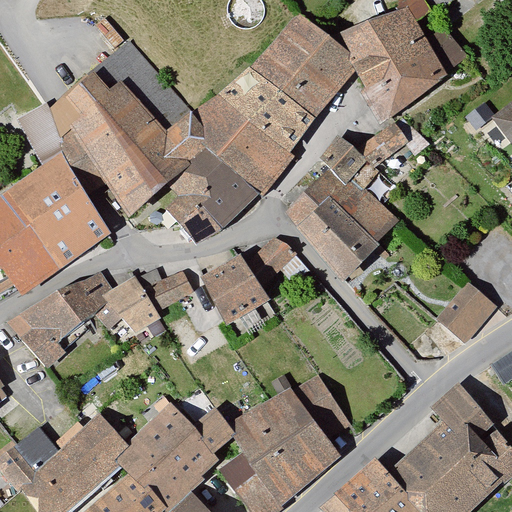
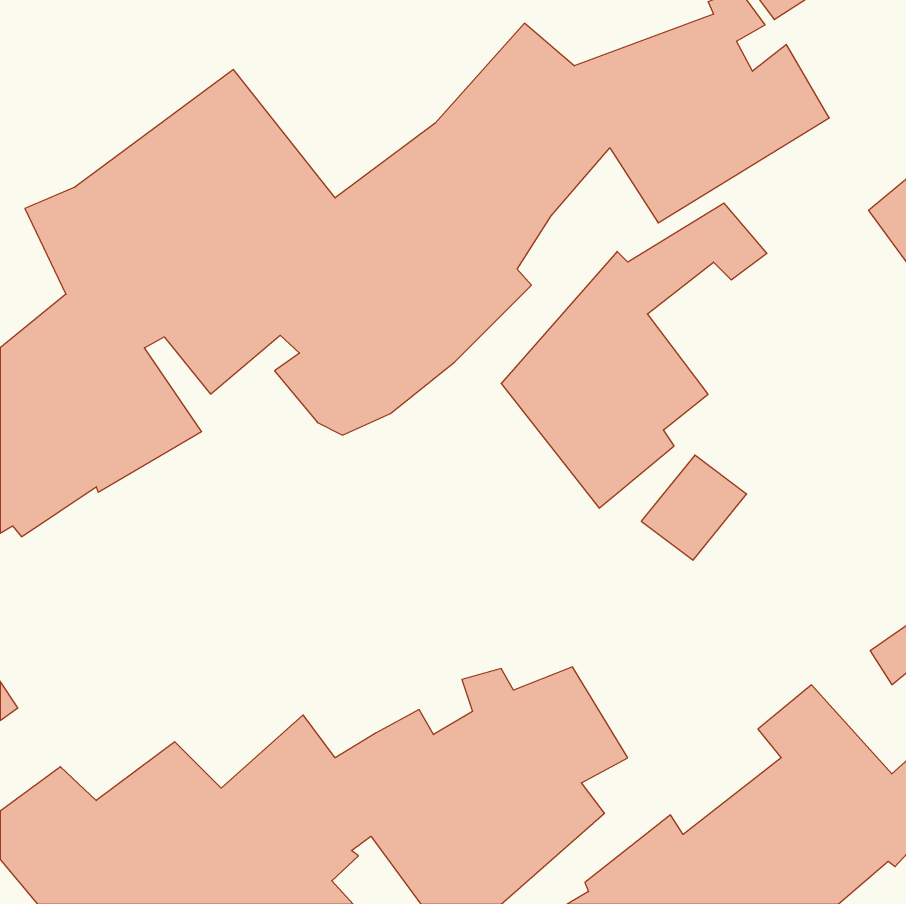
building: [196,236,296,327] -> none
building: [8,268,190,369] -> none
building: [439,286,498,345] -> [641,455,747,560]

